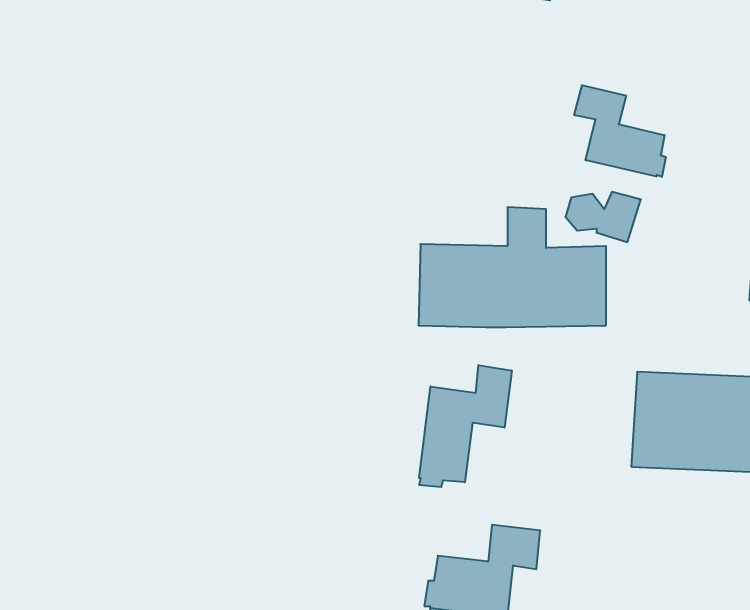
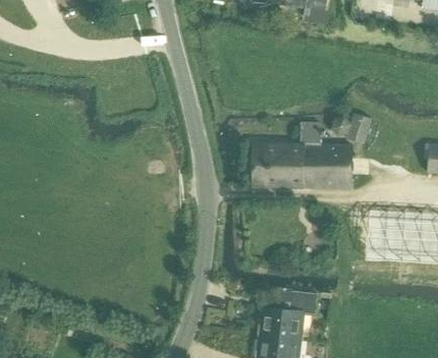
building: [574,85,666,177] -> none
building: [419,365,512,487] -> none

